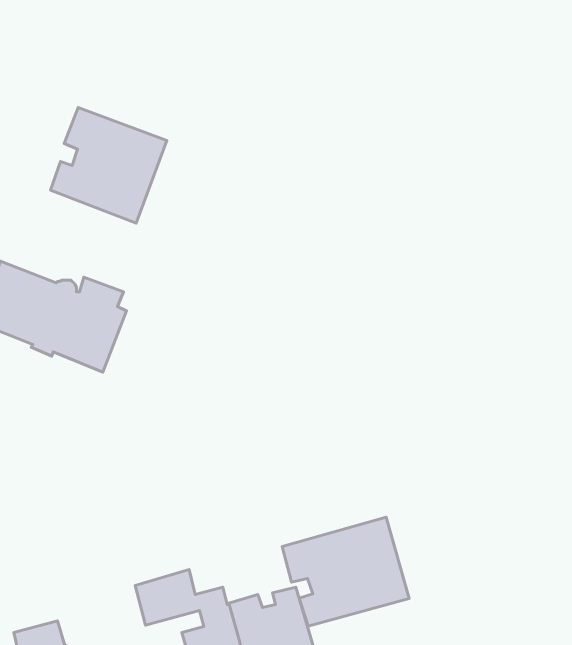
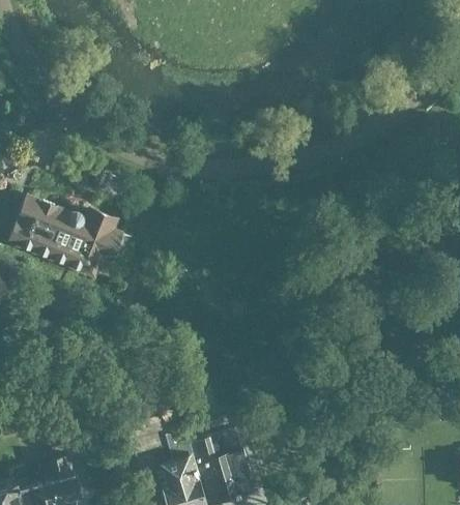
building: [51,108,167,223] -> none
building: [282,517,409,626] -> none

